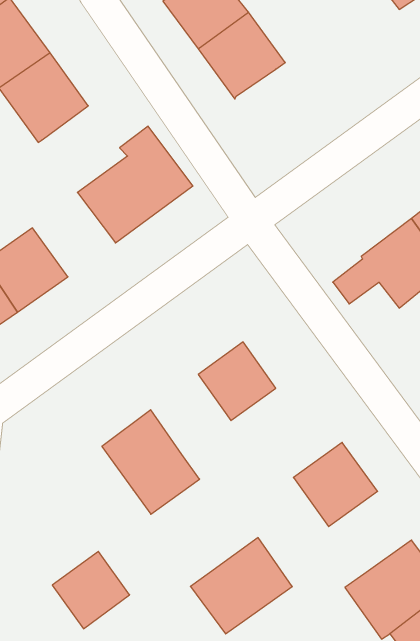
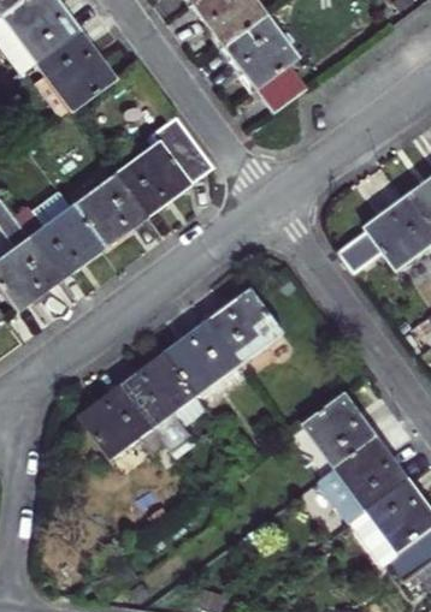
building: none -> [253,61,305,109]
building: none -> [72,171,146,245]
building: none -> [177,332,248,403]
building: [190,538,292,634] -> [318,435,408,521]
building: [52,551,130,629] -> [93,396,161,464]

